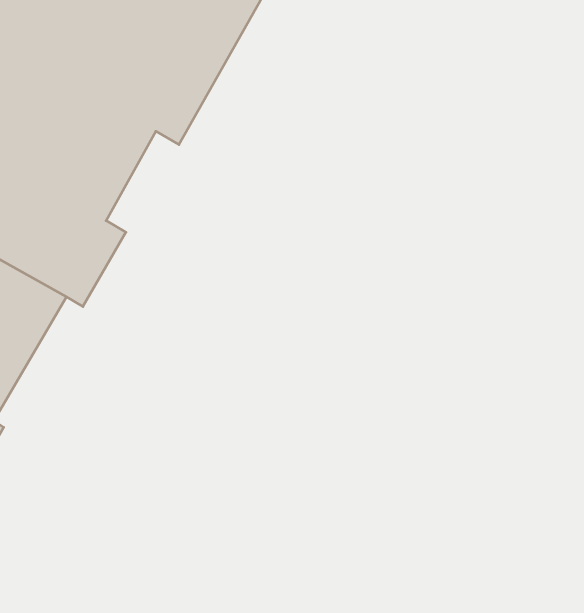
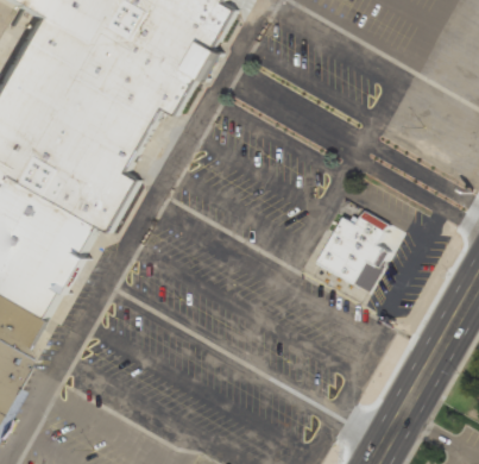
building: none -> [320,212,393,283]

